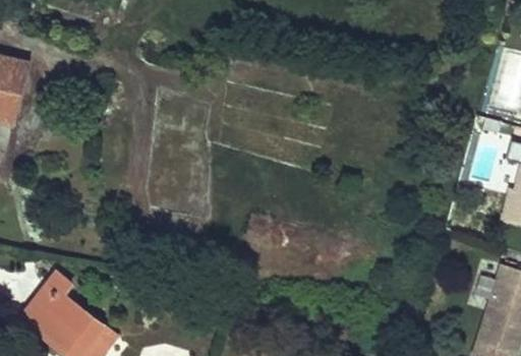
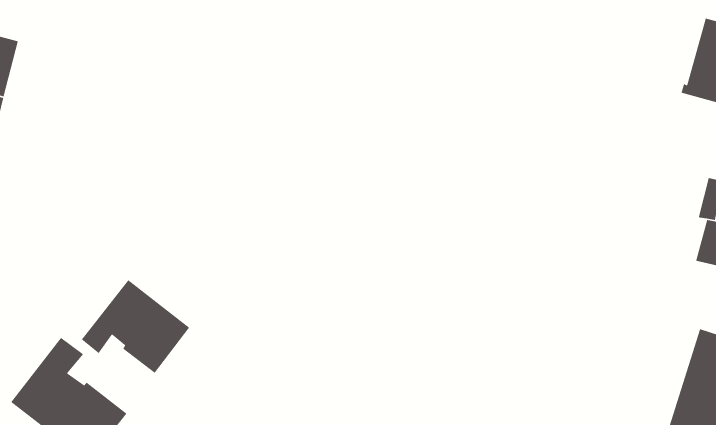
building: none -> [81,279,190,374]

